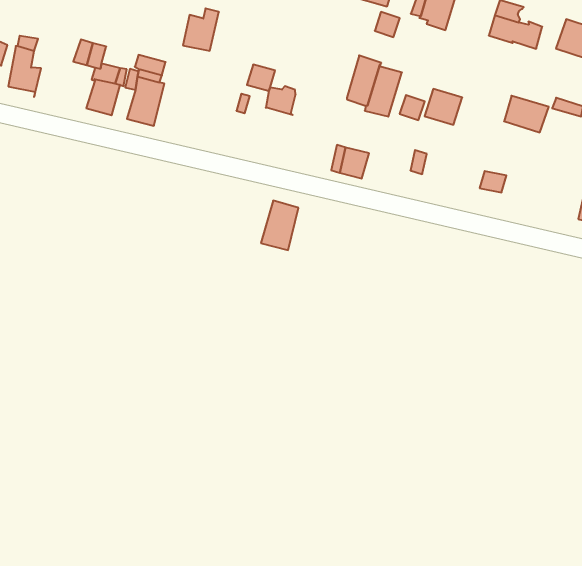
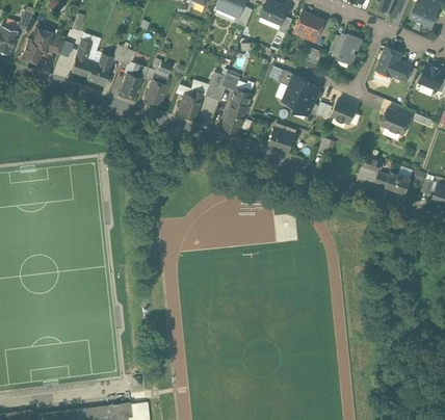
building: [183,8,219,51] -> [178,89,203,116]
building: none -> [86,53,112,84]
building: none -> [375,172,411,192]
building: [261,201,298,250] -> [222,101,248,133]

